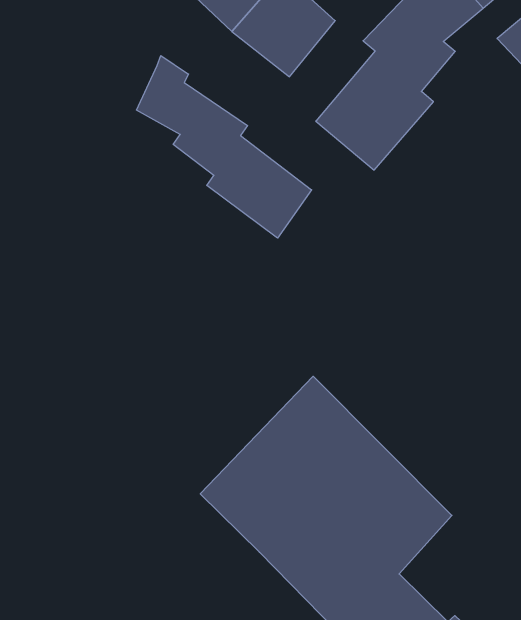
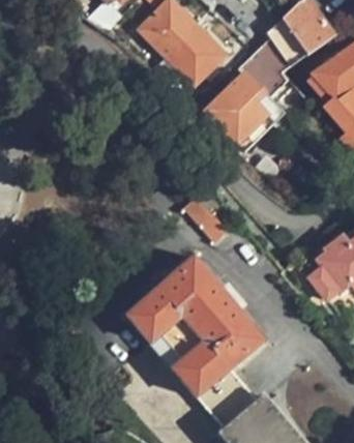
building: [137,56,312,238] -> none
building: none -> [185,191,229,239]

